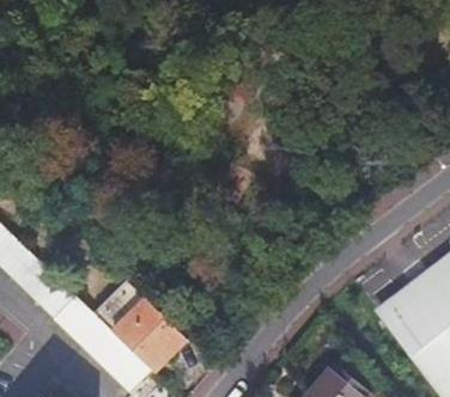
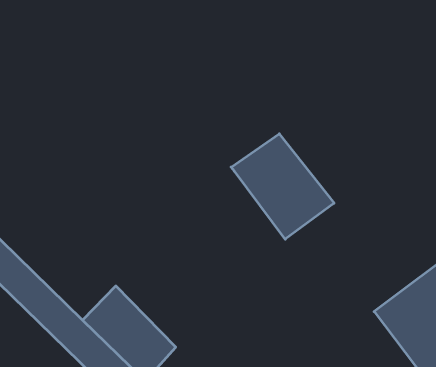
building: none -> [231,134,334,239]

